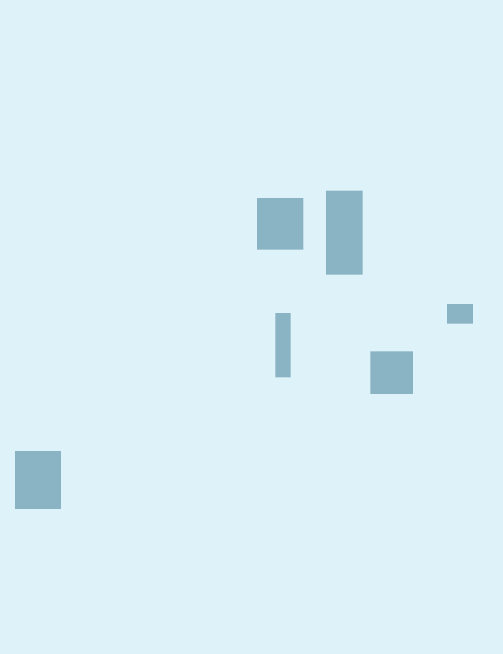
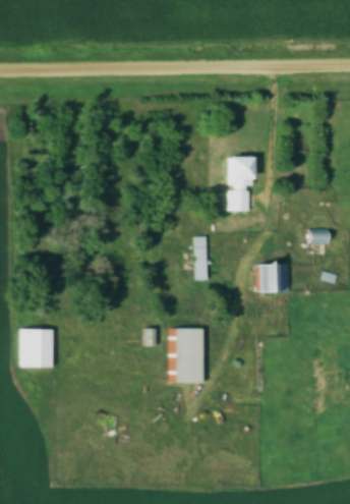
building: [256,197,304,250] -> none
building: none -> [175,327,201,383]

